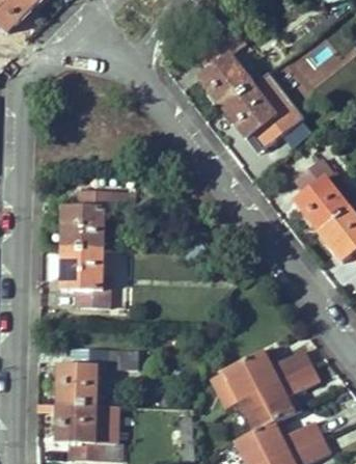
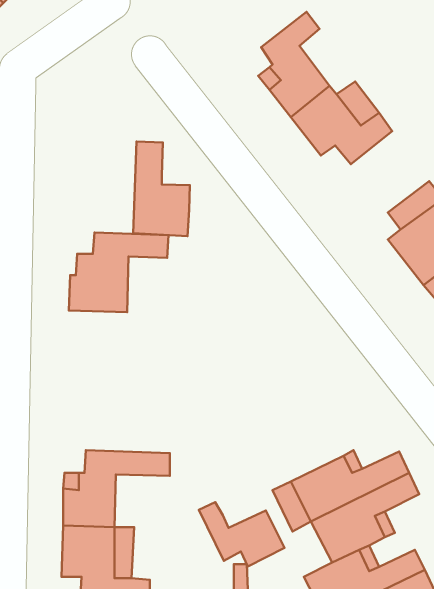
building: none -> [133,141,190,236]
building: [60,249,110,307] -> none
building: none -> [199,502,284,566]

